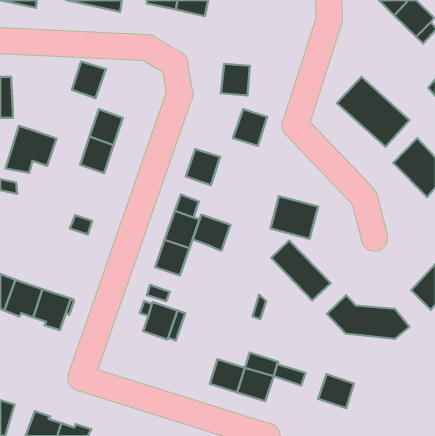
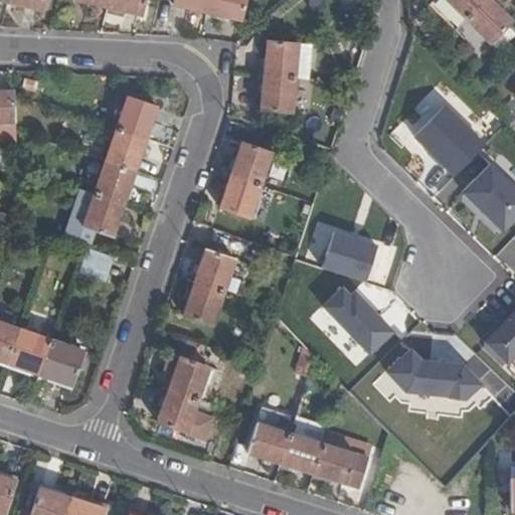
building: none -> [266,40,299,77]
building: [72,62,106,98] -> [118,96,158,139]
building: [233,109,267,146] -> [231,142,272,185]
building: [5,126,57,173] -> [63,189,124,244]
building: [193,215,230,250] -> none
building: none -> [158,390,212,439]
building: [318,374,354,408] -> [314,444,356,484]

